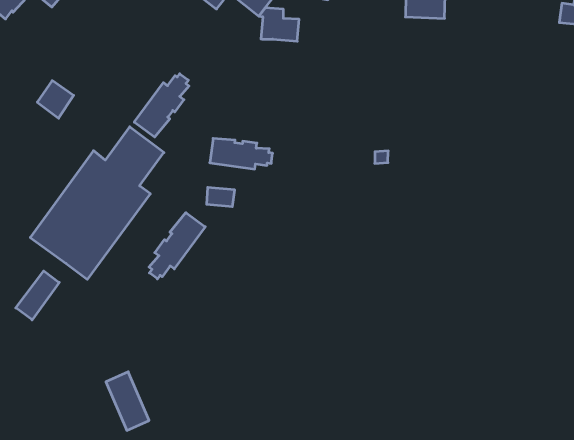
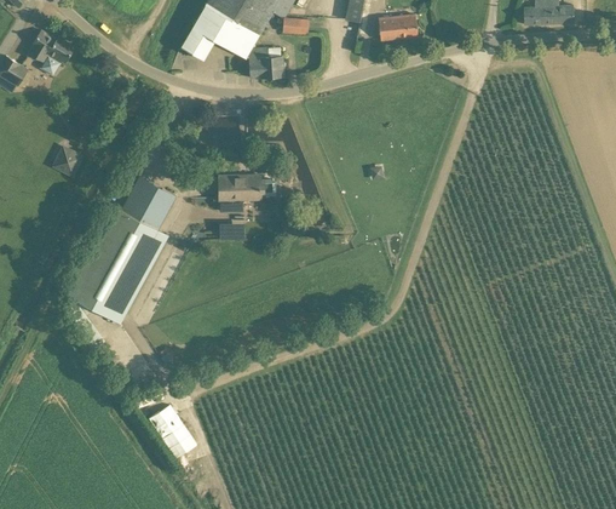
building: [134,74,189,137] -> none
building: [149,213,205,279] -> none
building: [16,271,59,320] -> none

